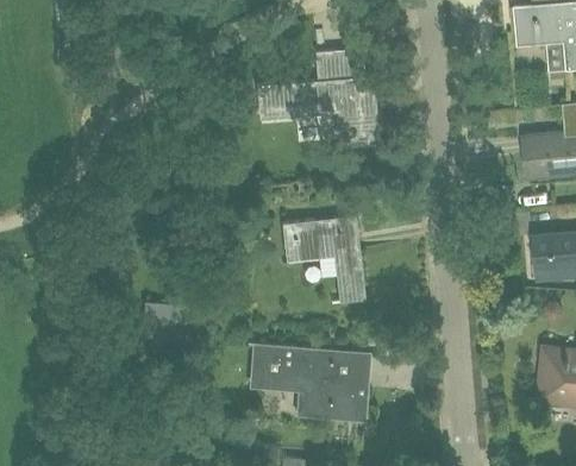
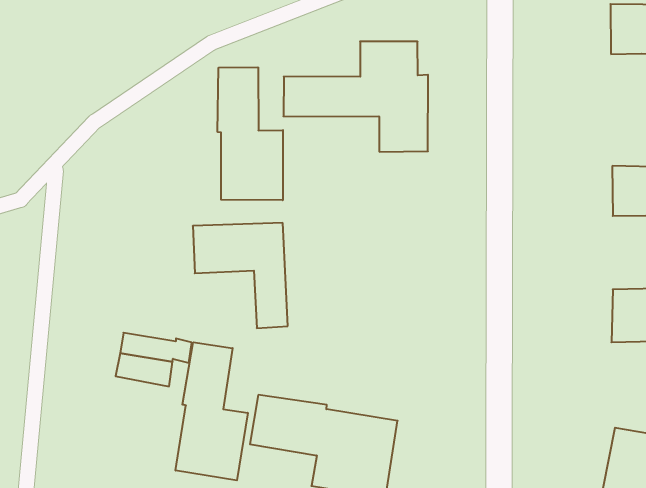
building: none -> [218,67,283,200]
building: [281,216,364,303] -> [193,223,288,328]
building: none -> [176,342,248,480]

